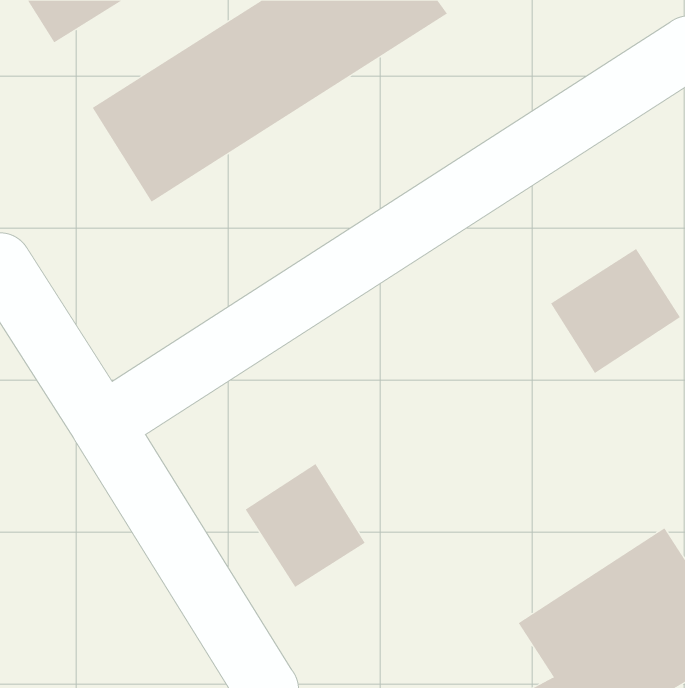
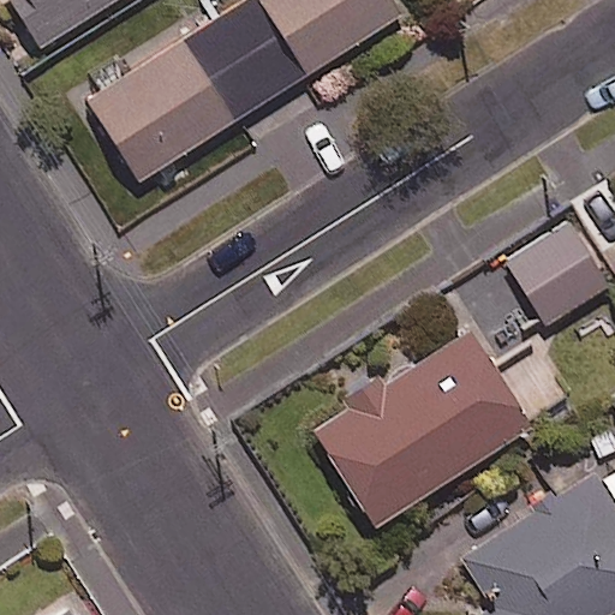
building: none -> [310,330,532,525]
building: [245,463,366,588] -> none

